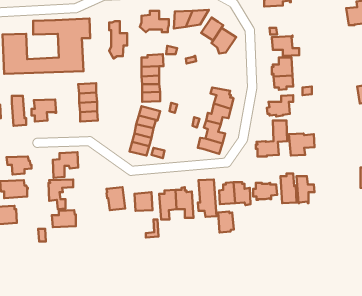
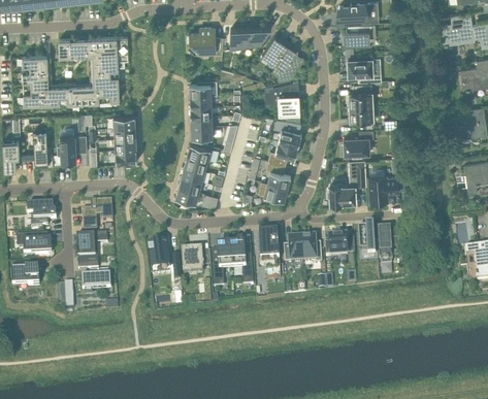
building: none -> [347,27,376,45]
building: [109,21,127,58] -> none
building: none -> [264,81,300,115]
building: [218,212,234,232] -> none

